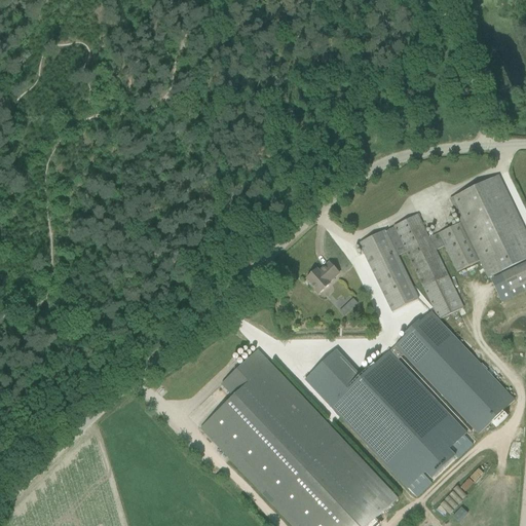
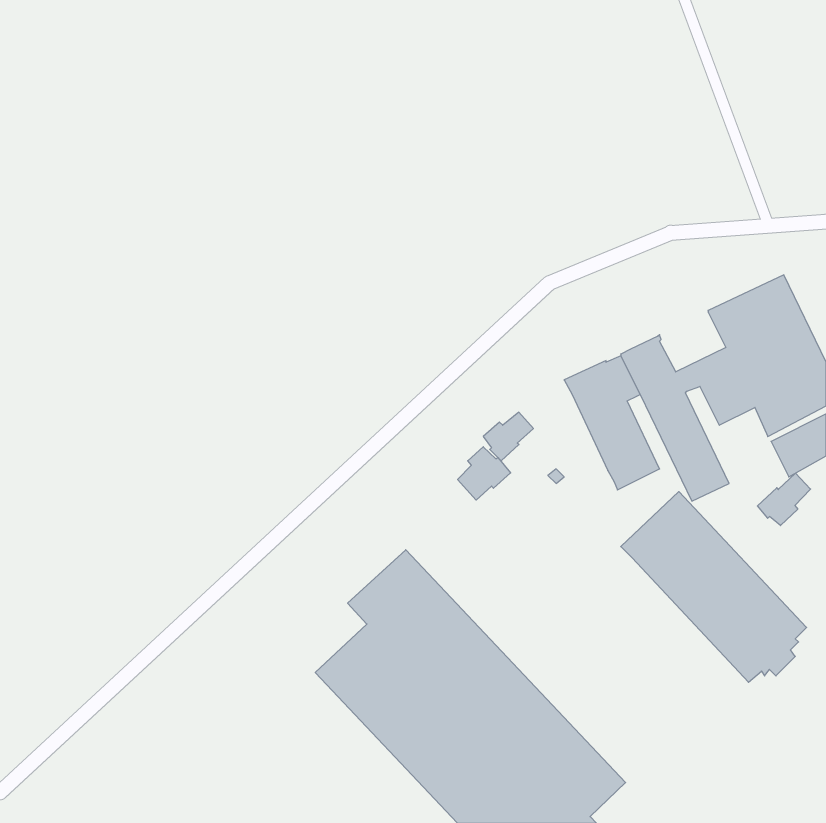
building: none -> [458,447,511,500]
building: none -> [757,473,811,526]
building: [306,349,467,487] -> none

